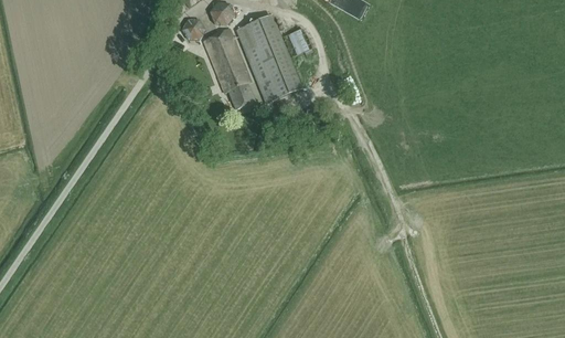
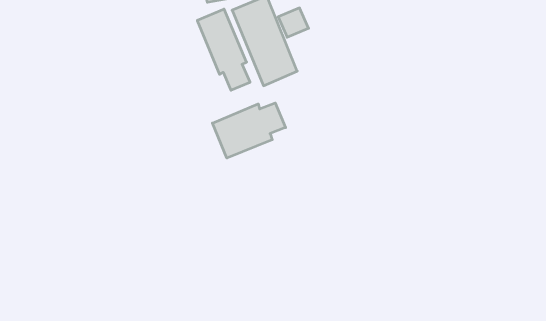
building: none -> [212,103,286,158]

